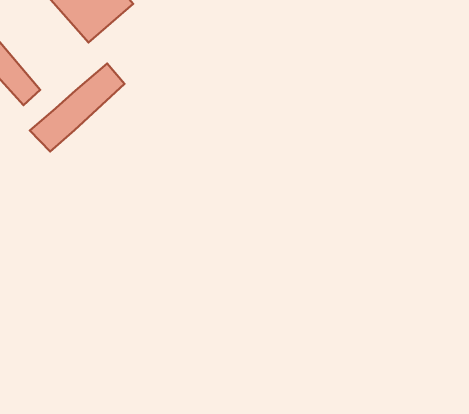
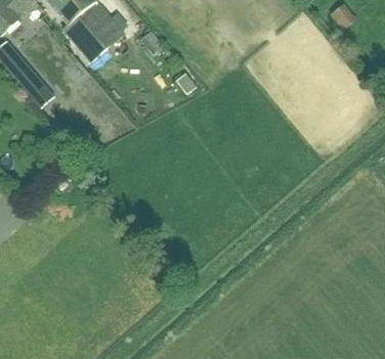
building: [30,64,125,152] -> none

